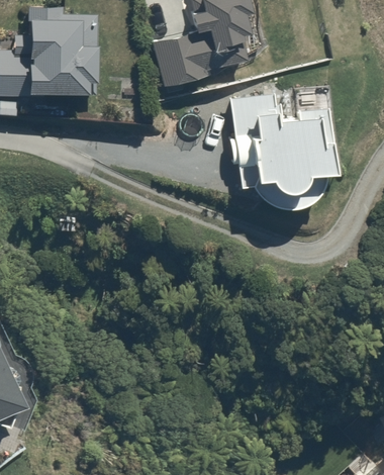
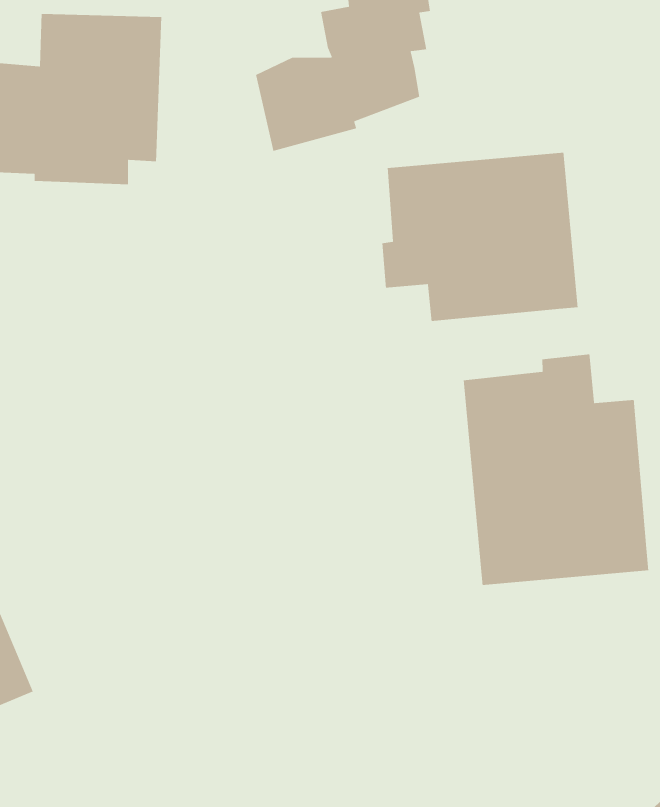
building: none -> [463,354,649,586]

